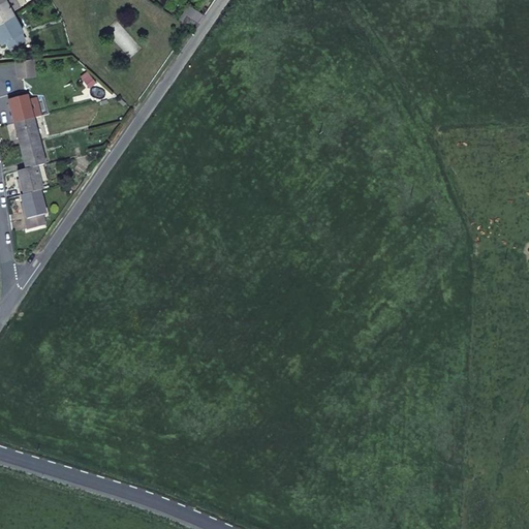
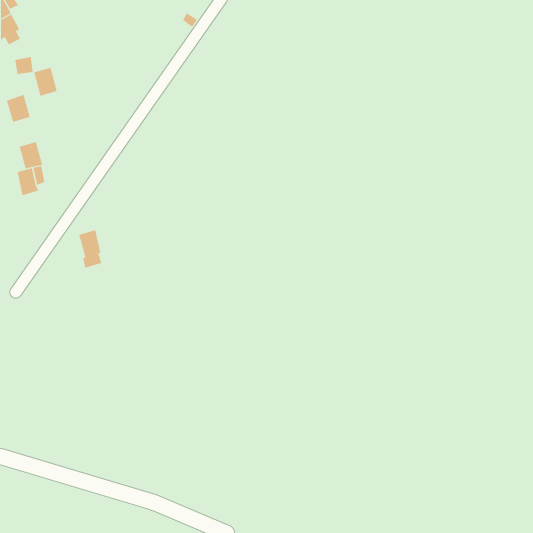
building: [14,116,38,145] -> [34,67,58,96]
building: [21,189,44,227] -> [78,230,102,268]

